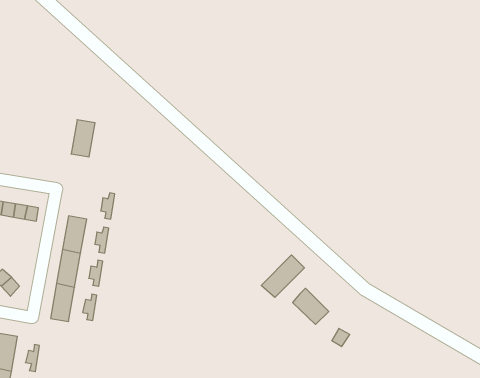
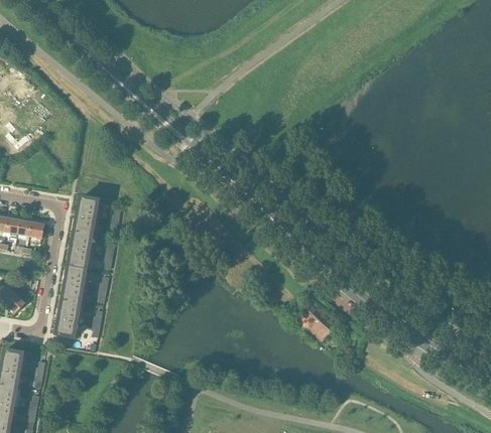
building: [71,120,95,157] -> [75,197,99,235]
building: [261,255,304,297] -> none

